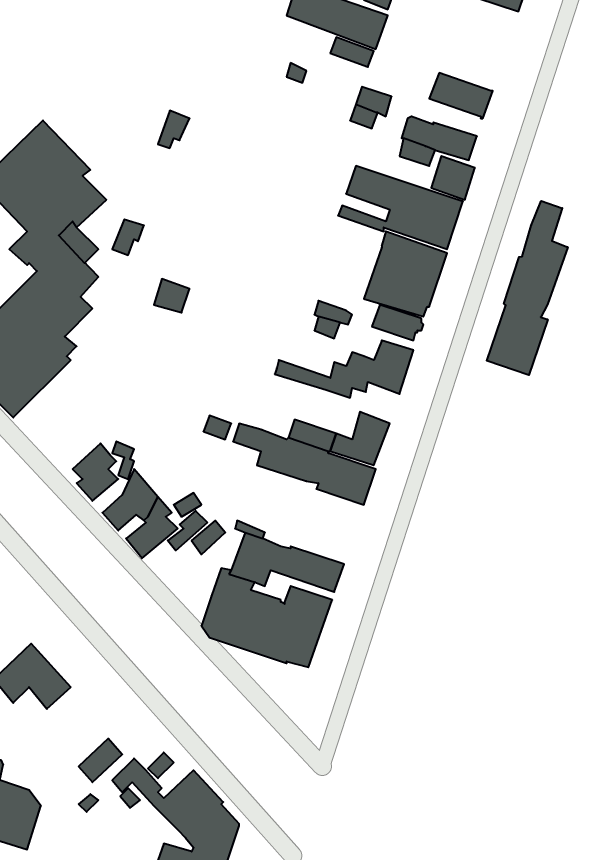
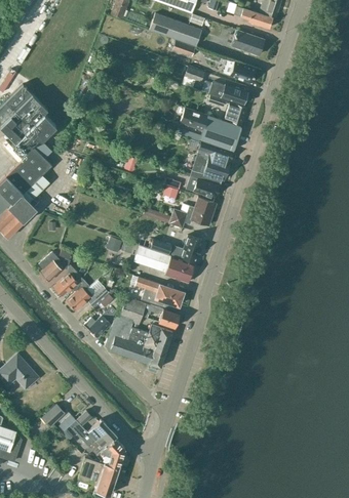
building: none -> [233,31,264,55]
building: [487,201,568,375] -> none
building: none -> [131,276,184,310]
building: none -> [84,306,117,337]

